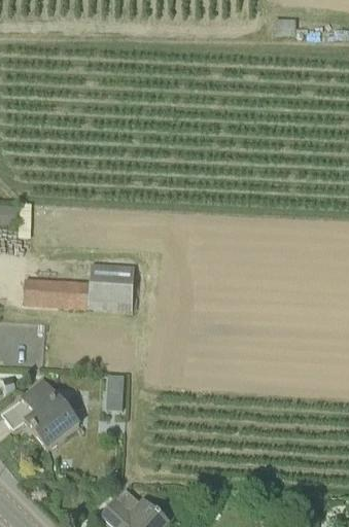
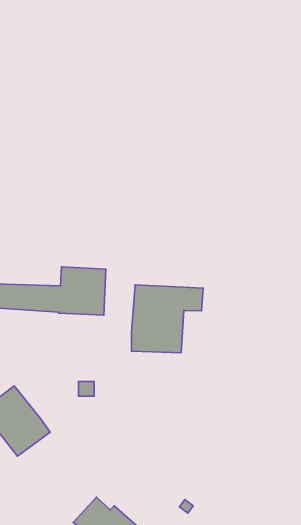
building: none -> [131,285,203,353]

